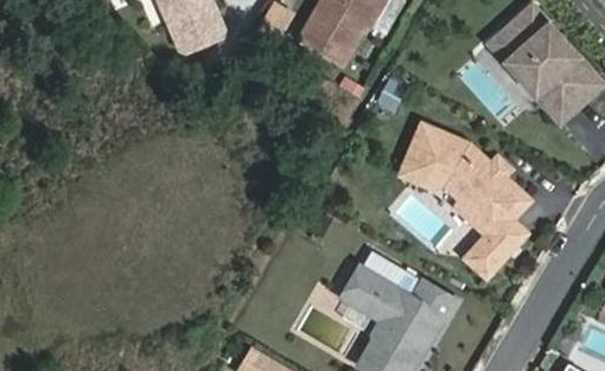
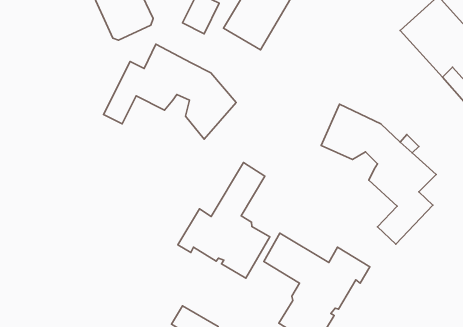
building: none -> [104,44,236,139]
building: none -> [178,163,270,278]

